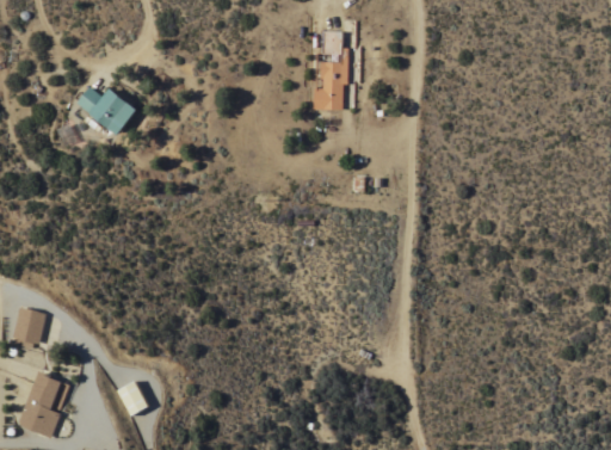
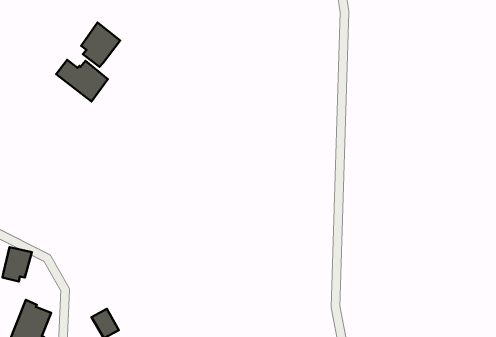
building: [311,31,347,110] -> none
building: none -> [81,23,120,67]

